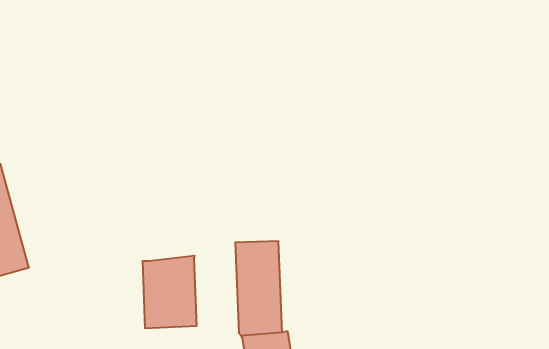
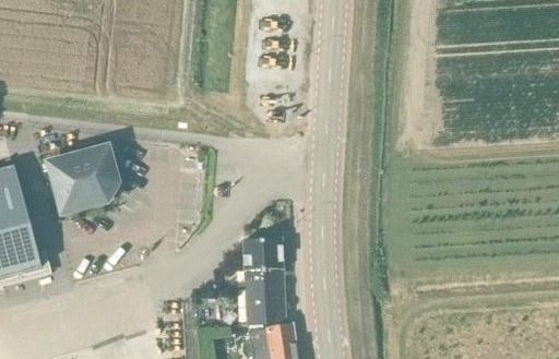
building: none -> [46,148,117,214]
building: [143,256,196,328] -> none

